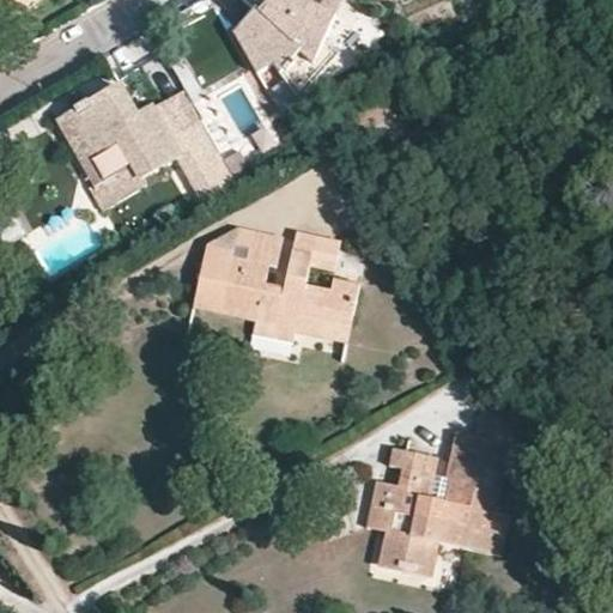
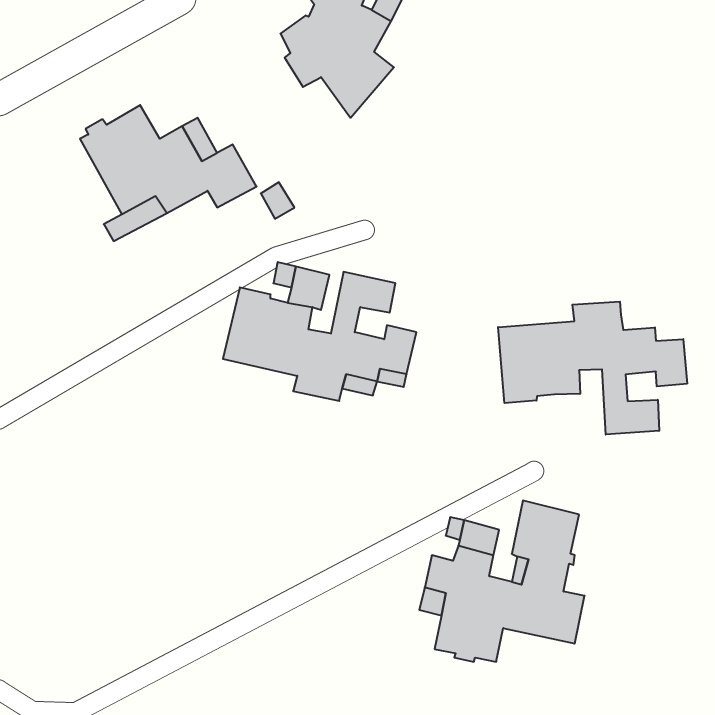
building: none -> [498,302,687,435]

